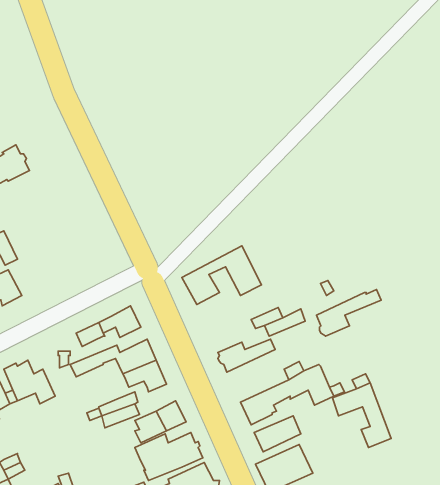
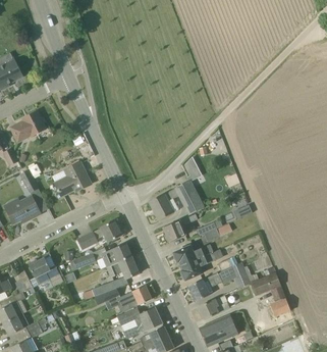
building: none -> [55,161,92,196]
building: [316,290,381,336] -> [179,248,223,280]
building: none -> [163,213,198,242]

